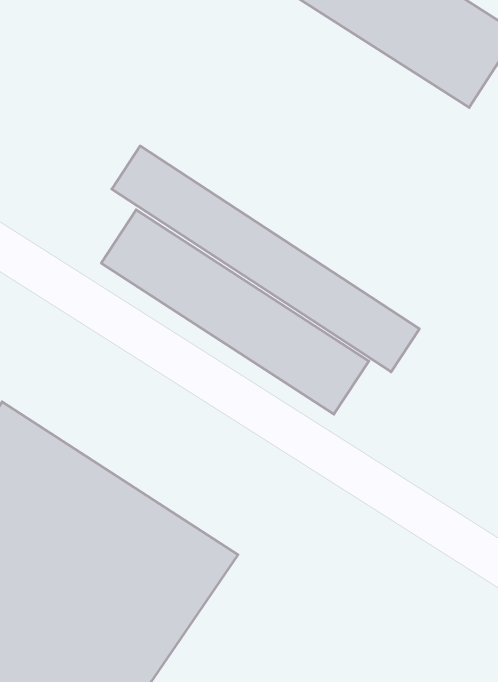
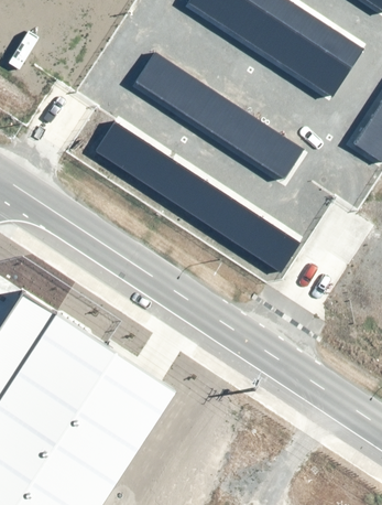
building: [101,210,369,414] -> [132,51,309,186]

